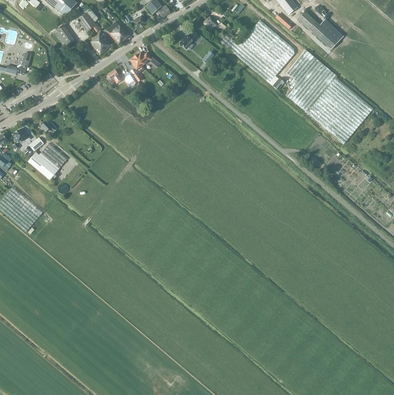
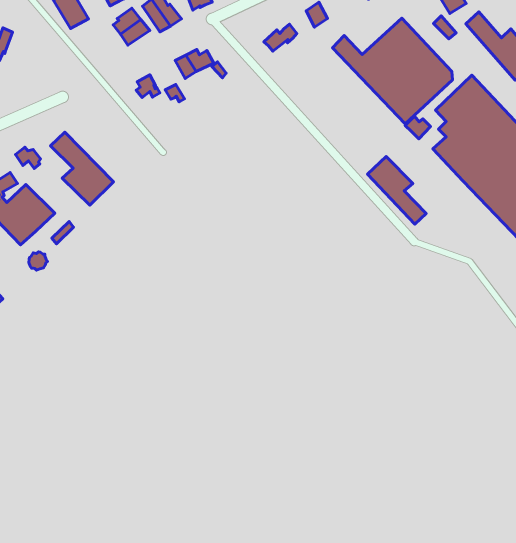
building: none -> [368,156,426,224]
building: none -> [50,132,113,205]

